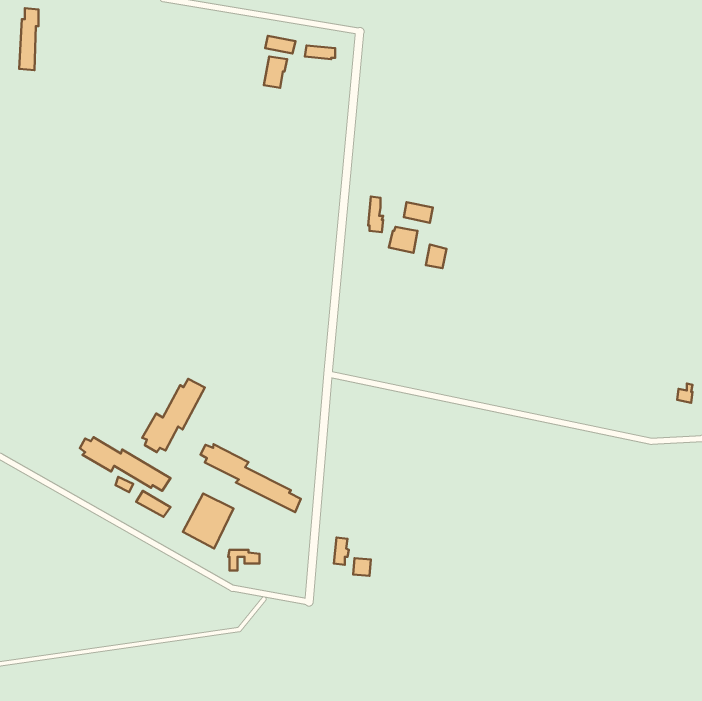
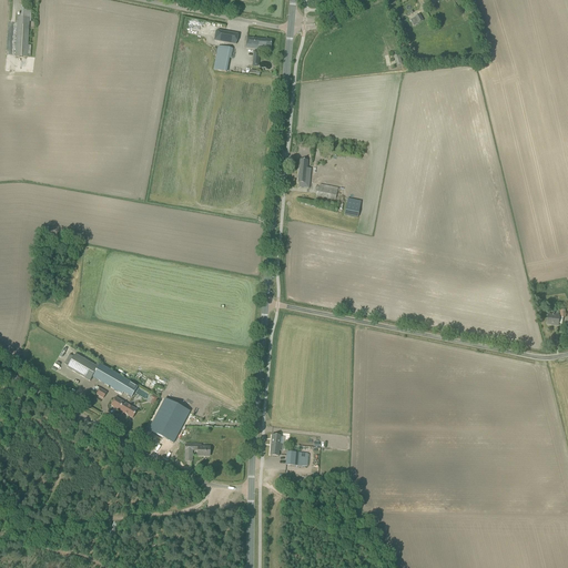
building: [142,379,205,452] -> none
building: [201,444,301,512] -> none

